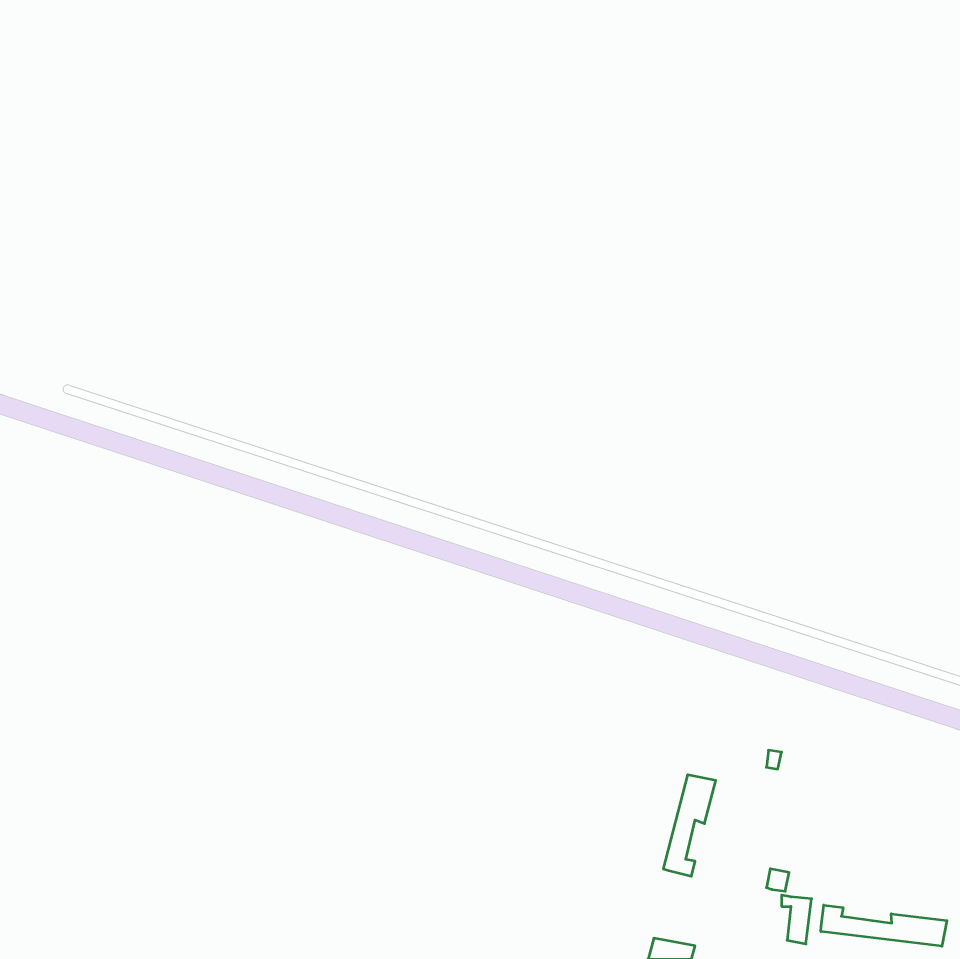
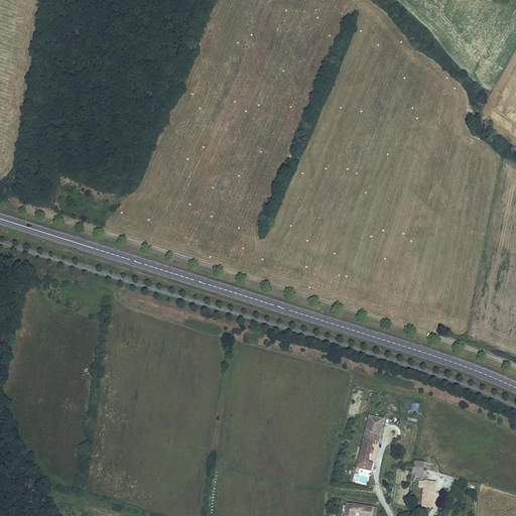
building: [821,905,947,946] -> none

